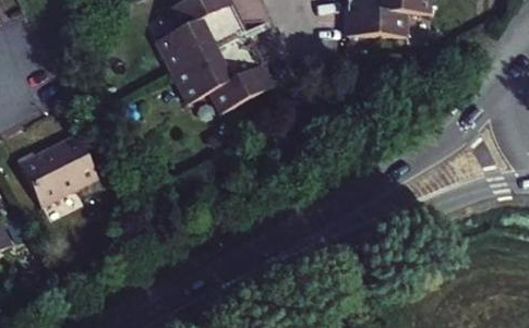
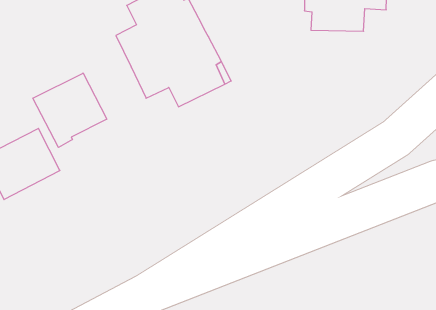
building: none -> [33,73,107,147]

